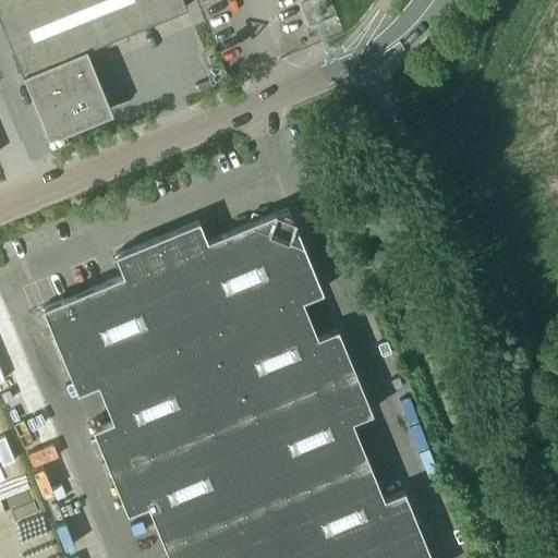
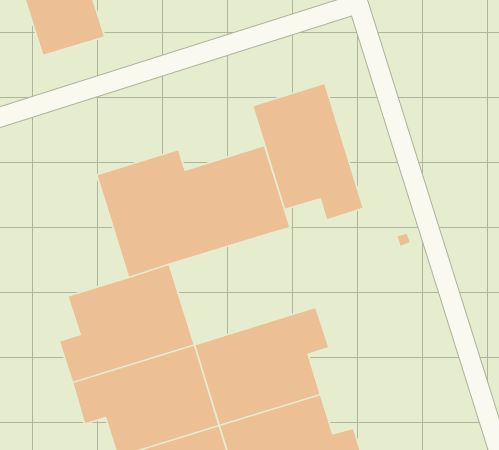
building: none -> [252,83,363,220]
building: [46,279,160,393] -> none
building: [201,302,355,424] -> none

